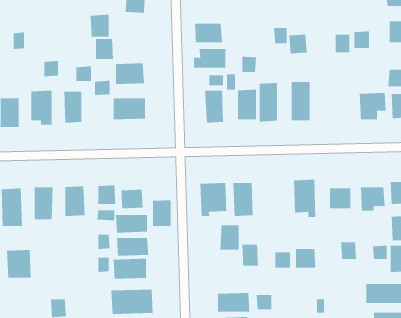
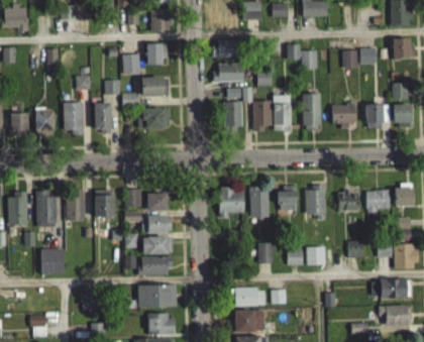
building: [90,14,109,37] -> [146,43,165,65]
building: none -> [332,104,355,126]
building: [153,200,171,227] -> none
building: [220,225,239,250] -> [278,188,296,211]

